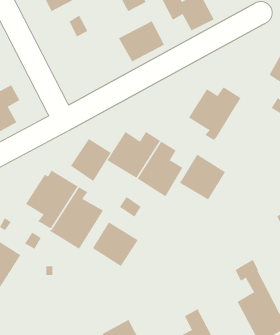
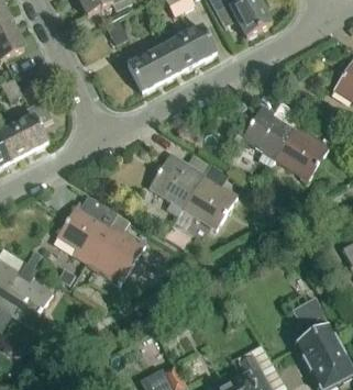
building: none -> [126,46,178,93]
building: [70,138,111,182] -> none
building: [179,154,226,200] -> [276,124,329,177]
building: [92,222,139,267] -> none

